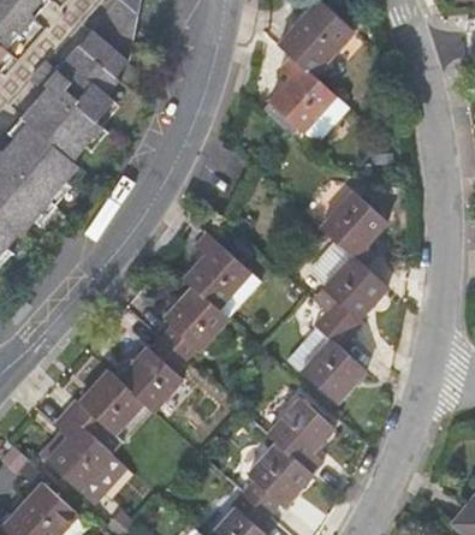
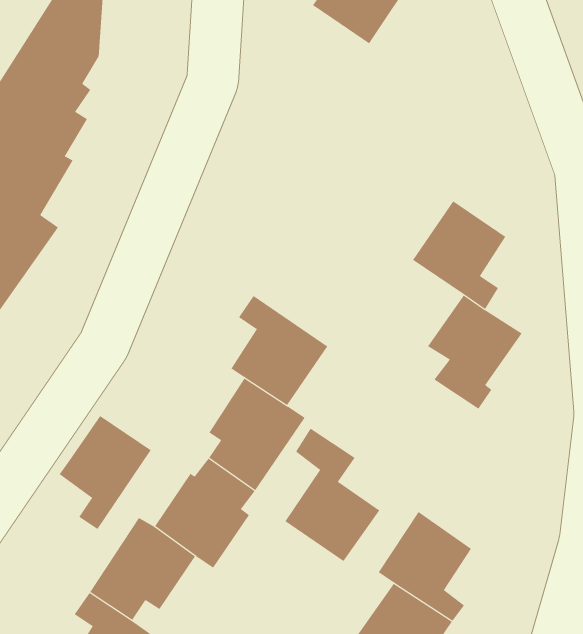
building: [265,55,329,130] -> none
building: none -> [59,415,152,530]
building: [296,305,361,398] -> [285,428,380,562]

